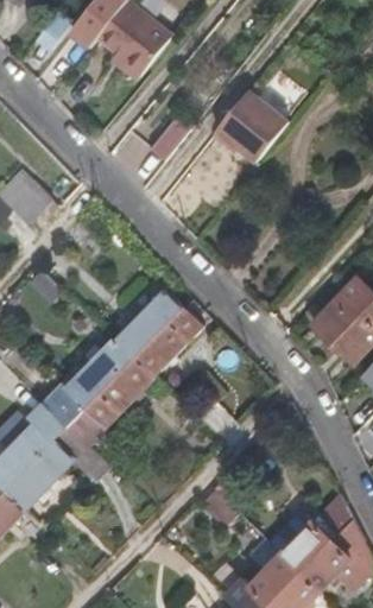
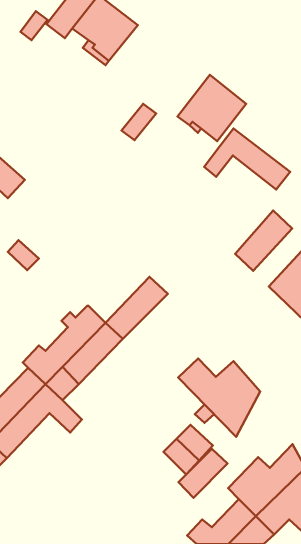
building: none -> [204,129,290,189]
building: none -> [235,211,292,271]
building: [113,292,182,361] -> none
building: none -> [178,358,260,437]
building: none -> [178,449,228,498]

